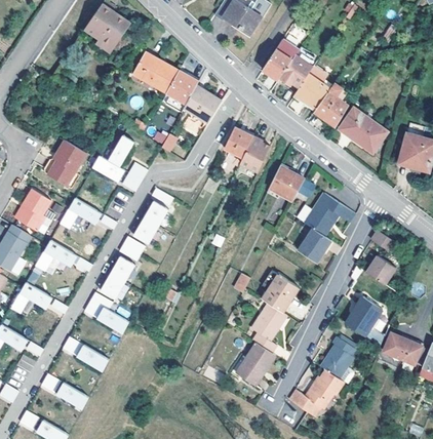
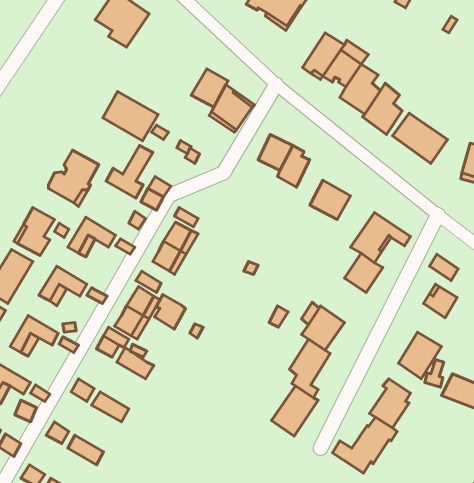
building: [132,51,180,93] -> [103,92,158,141]
building: none -> [155,295,185,329]

